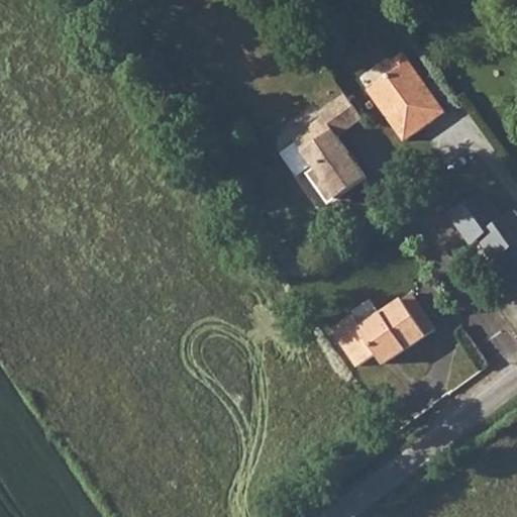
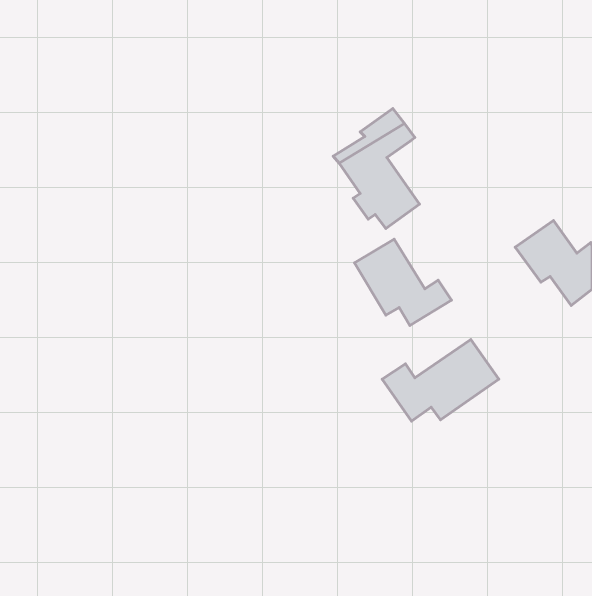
building: [365,53,441,141] -> none
building: none -> [355,239,451,326]

